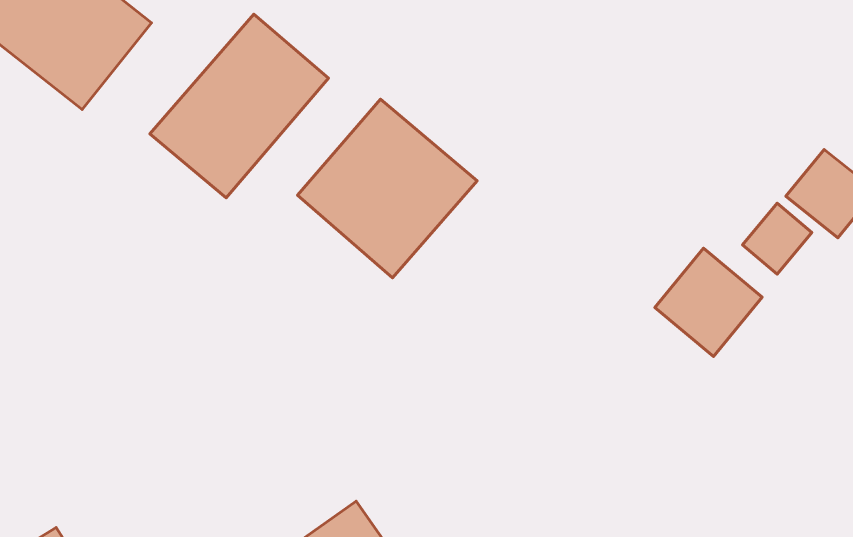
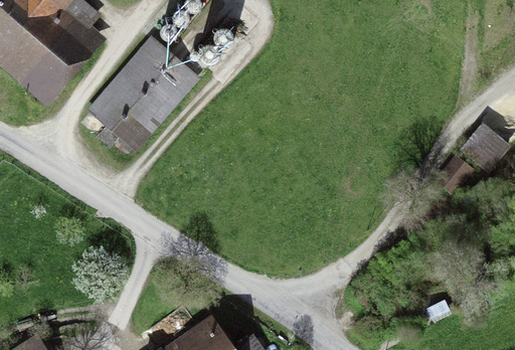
building: [298,99,477,278] -> none
building: [655,248,762,357] -> none

